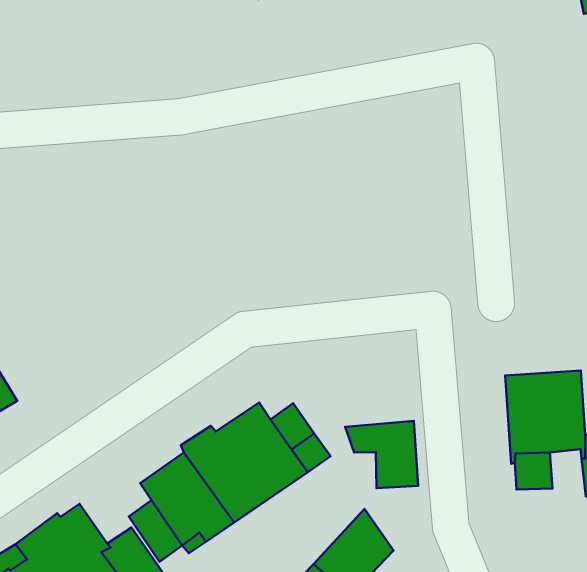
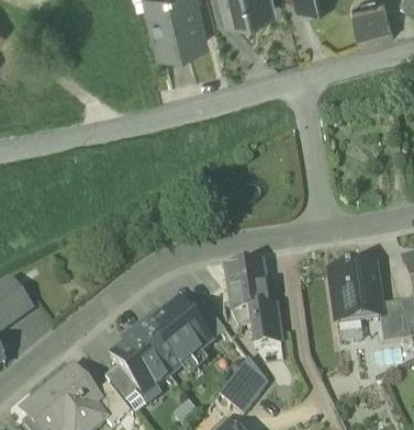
building: none -> [227,262,268,309]

